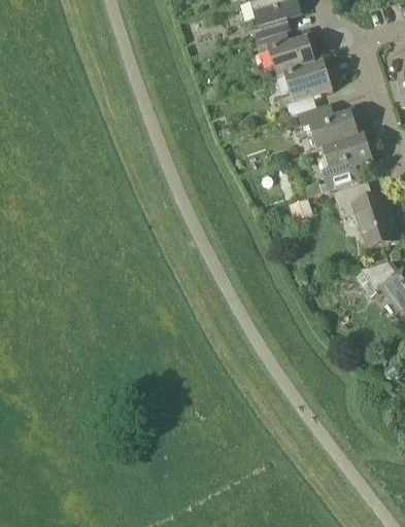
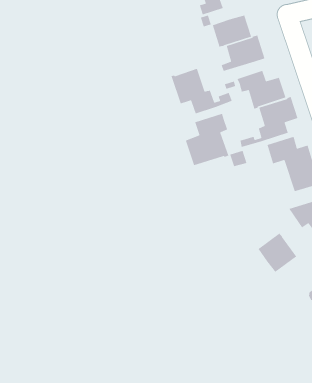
building: none -> [171,68,233,115]
building: none -> [185,113,230,166]
building: none -> [258,233,297,273]

